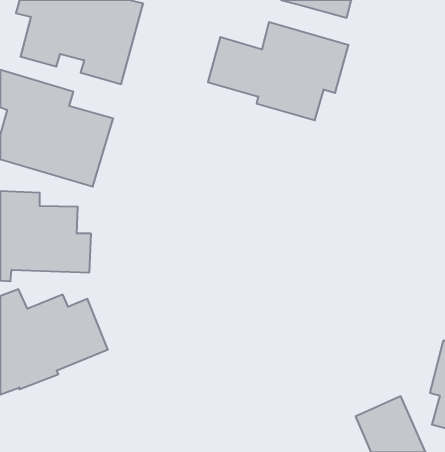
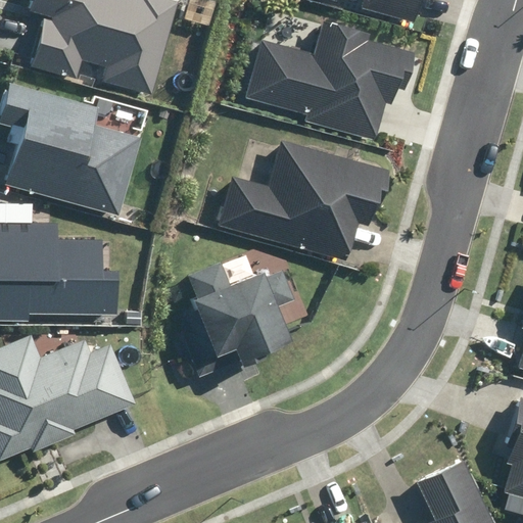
building: none -> [220,141,383,255]
building: none -> [184,249,317,359]

